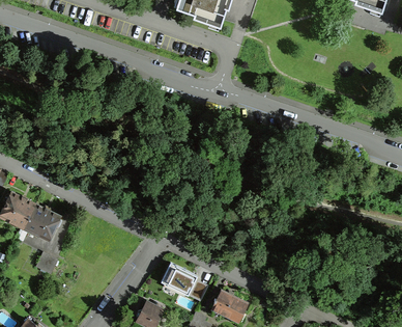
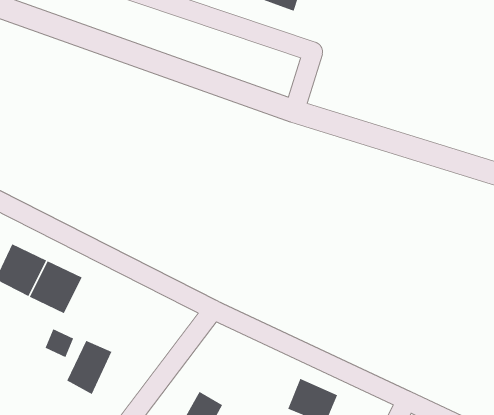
building: none -> [66,340,113,395]
building: [163,263,197,294] -> none

